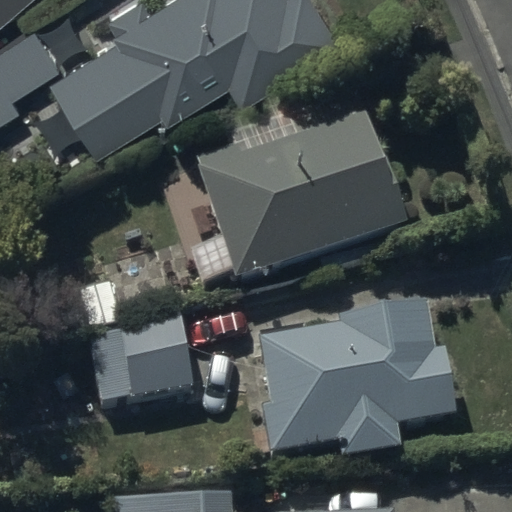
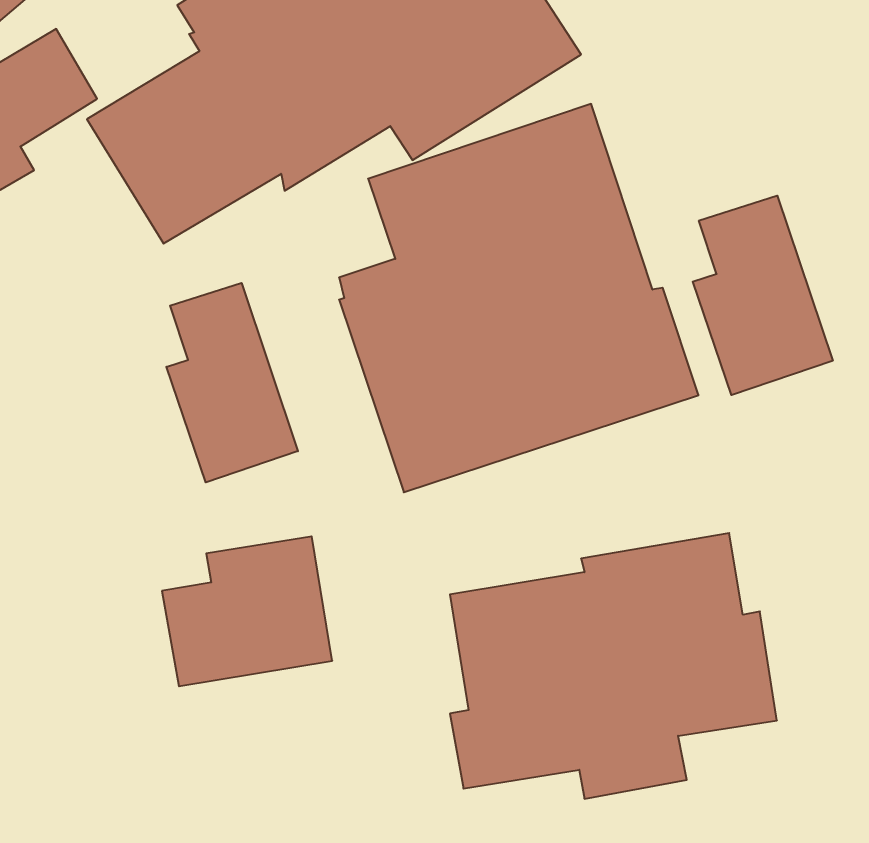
building: none -> [693,196,833,395]
building: none -> [166,283,298,482]

